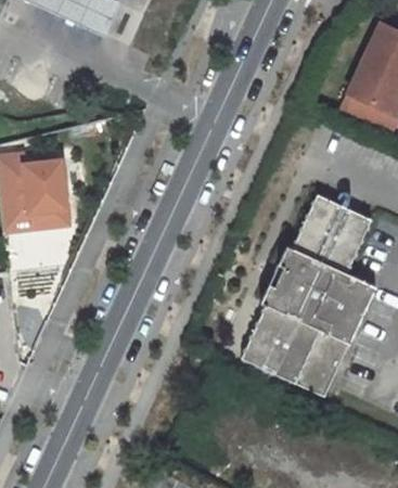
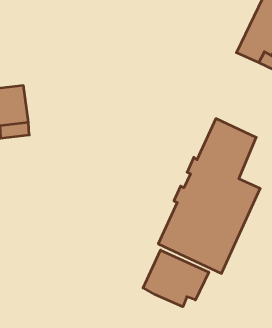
building: none -> [143,250,209,307]

